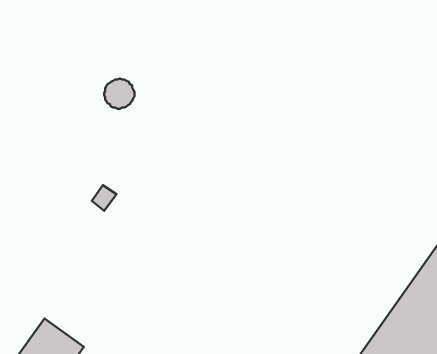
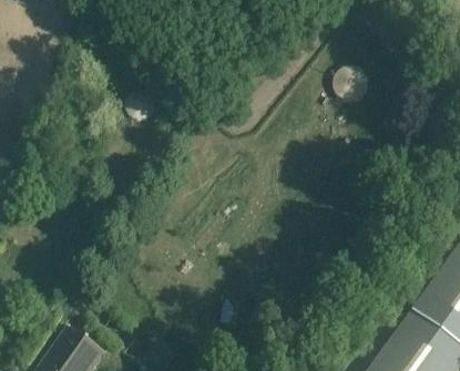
building: none -> [331,64,367,100]

